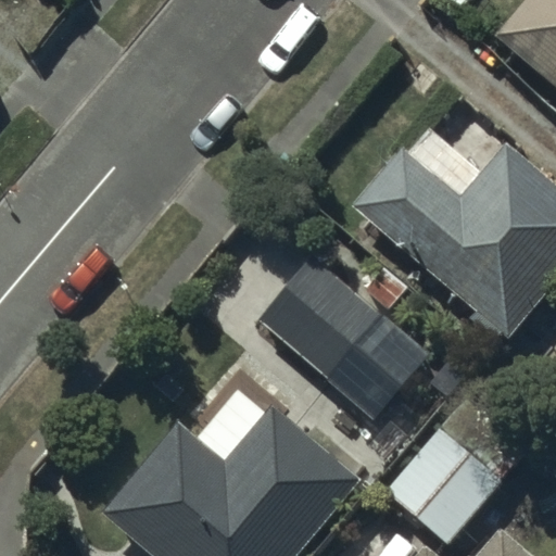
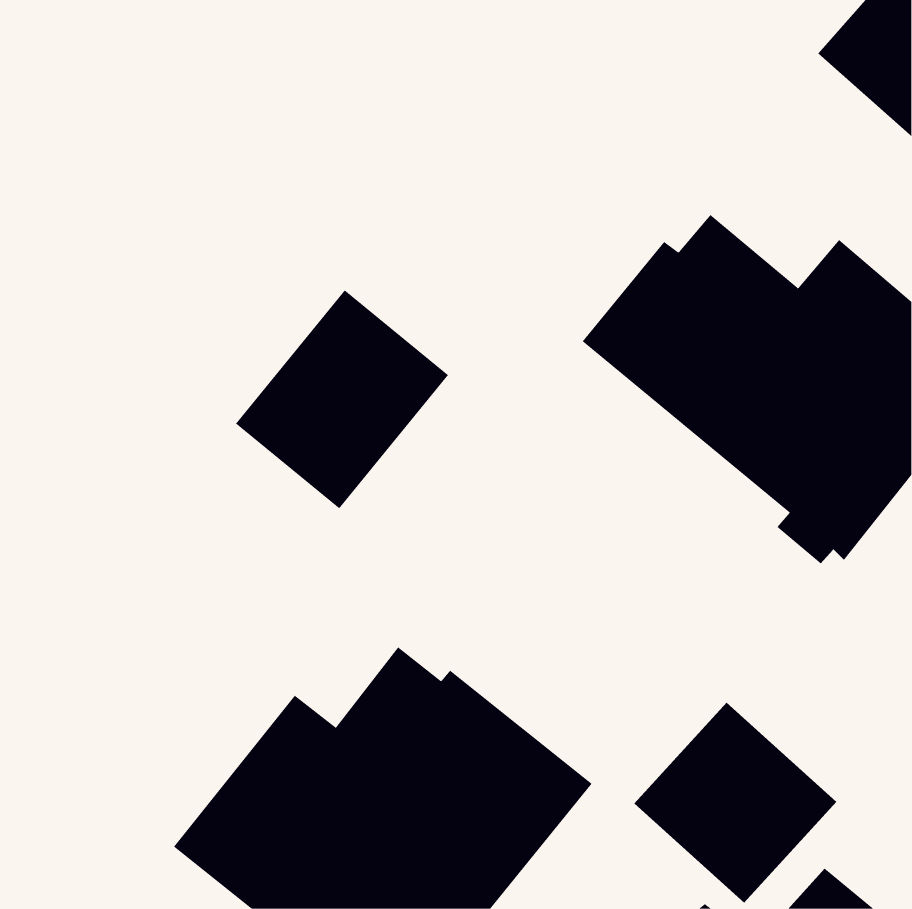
building: none -> [235,289,449,509]
building: [263,261,382,379] -> none

